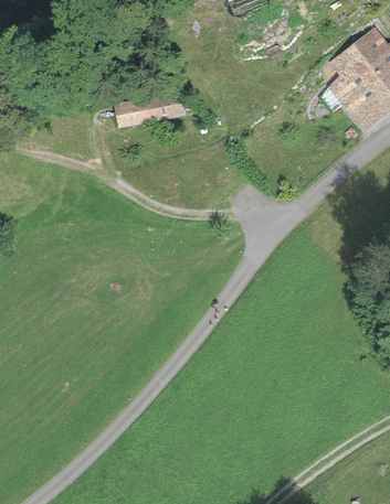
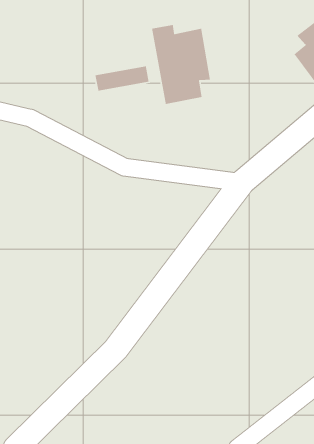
building: none -> [151,24,211,105]

